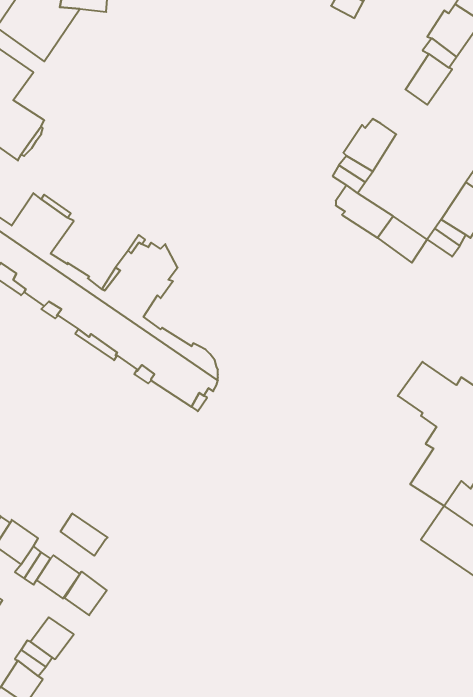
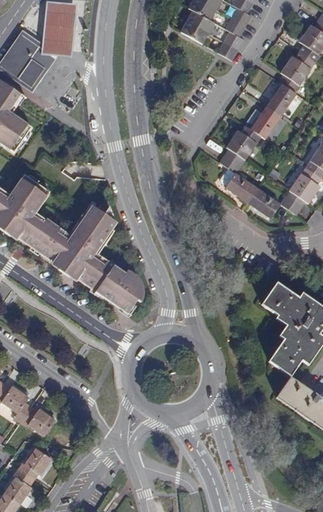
building: none -> [249,107,279,139]
building: [61,513,108,556] -> none
building: [64,572,107,615] -> none

